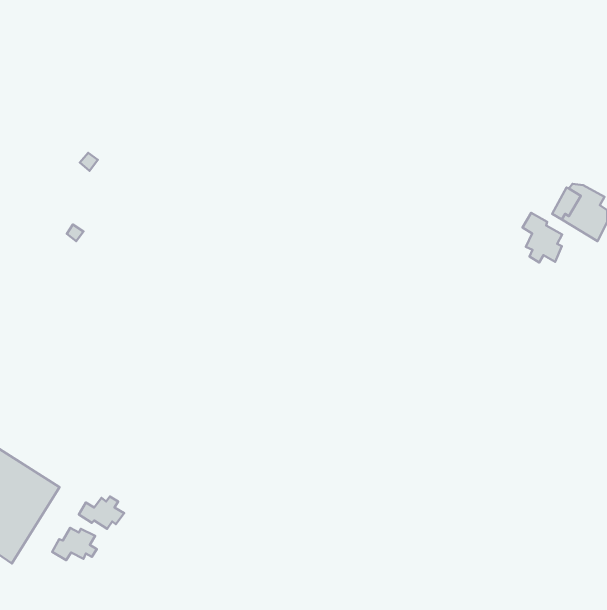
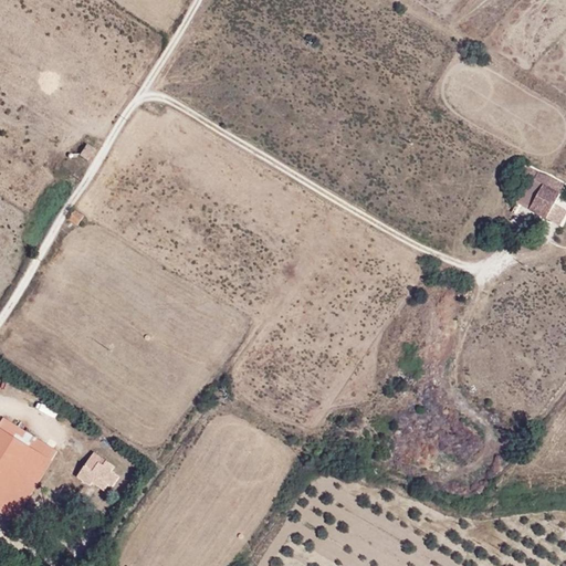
building: [522,213,562,263] -> none
building: [52,528,97,560] -> none

